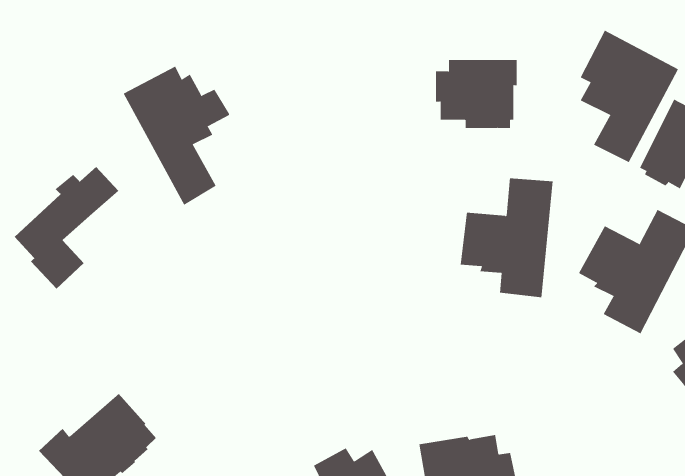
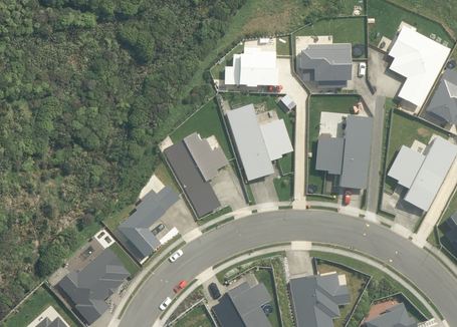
building: [123,66,230,206] -> [164,132,229,218]
building: none -> [225,48,276,87]
building: none -> [226,103,293,181]
building: [14,166,119,289] -> [117,185,181,260]

